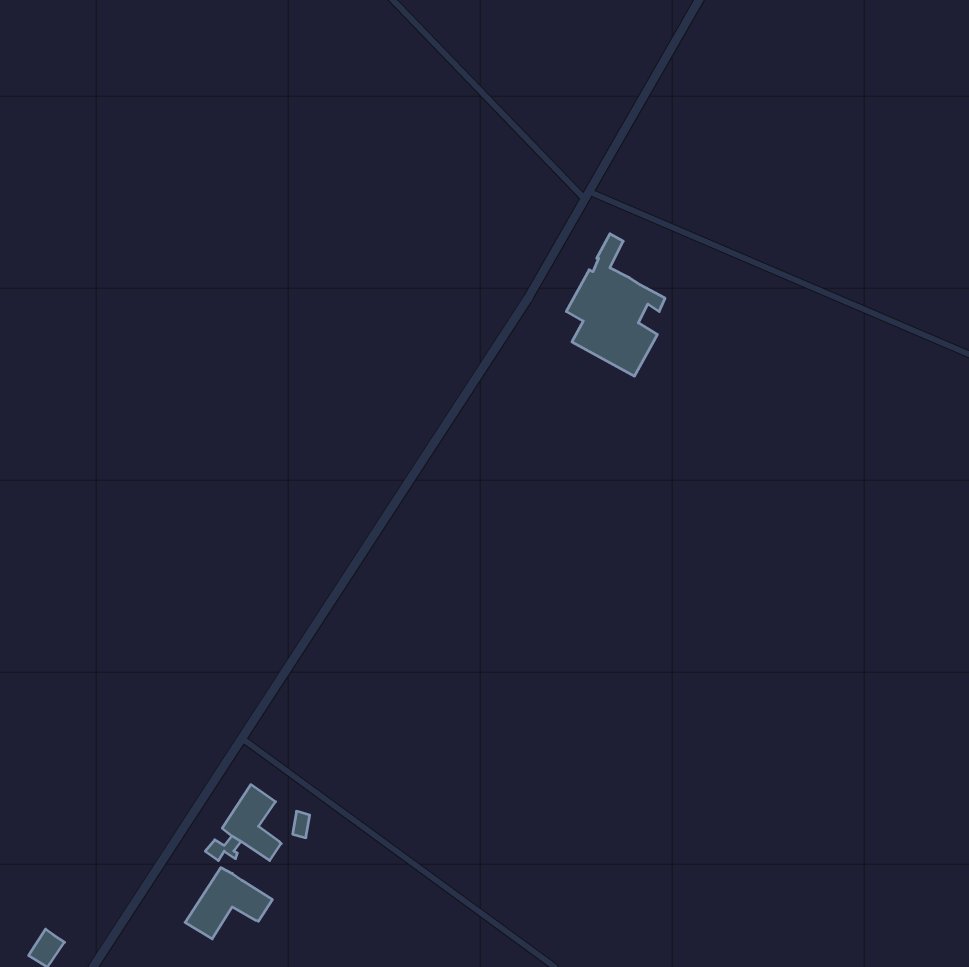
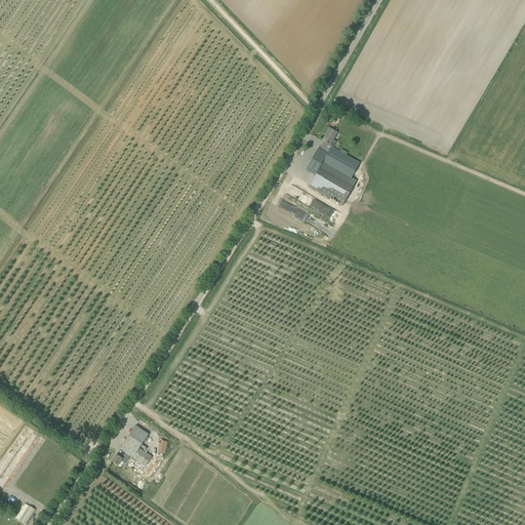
building: [185,868,272,939] -> none

